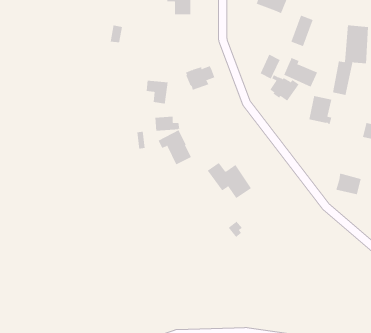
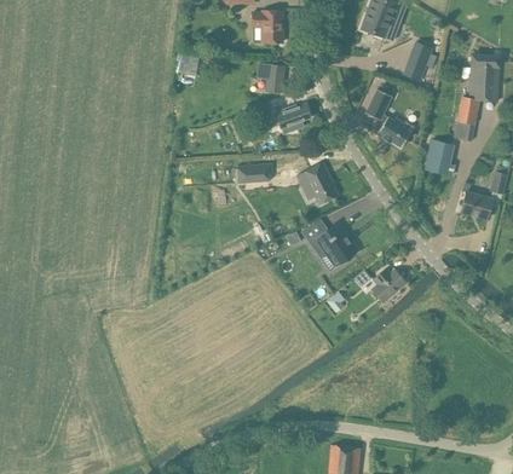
building: [283,57,318,88] -> none
building: [146,80,169,104] -> [256,64,284,93]
building: [158,129,192,165] -> [296,162,338,206]
building: [336,173,361,195] -> [460,192,491,219]
building: none -> [371,268,404,304]

